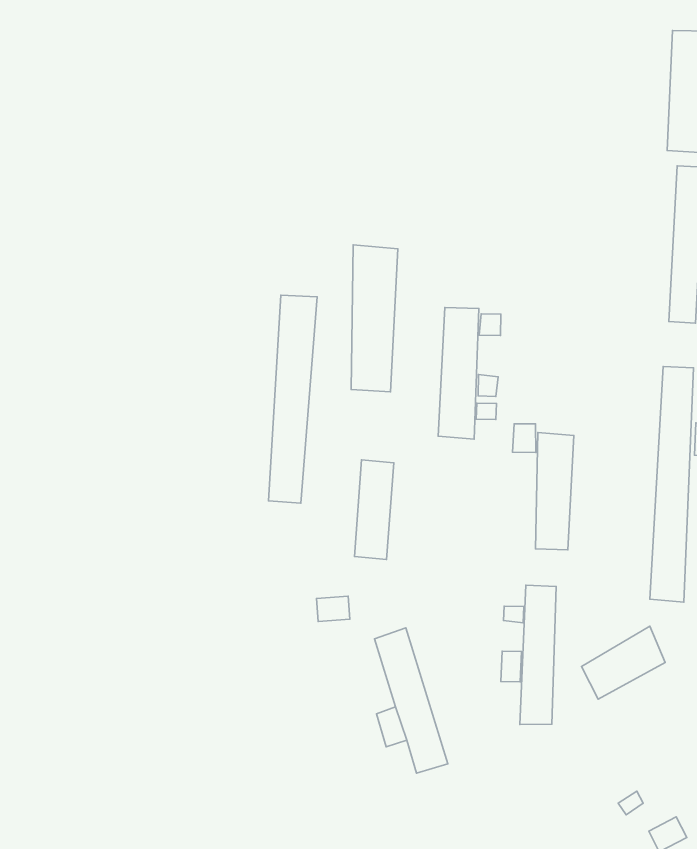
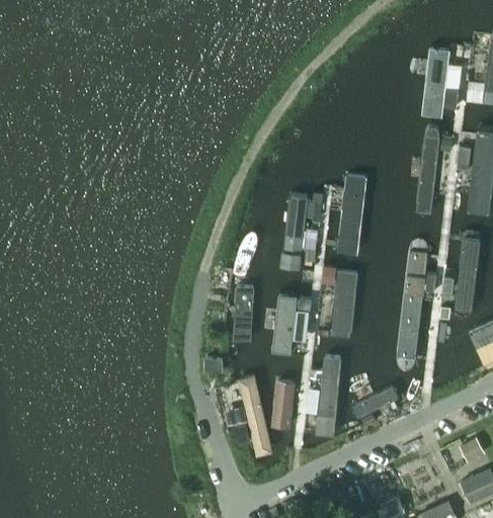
building: [351,245,398,392] -> [336,173,368,258]
building: [269,295,317,503] -> none
building: none -> [272,293,302,358]
building: none -> [273,379,298,431]

